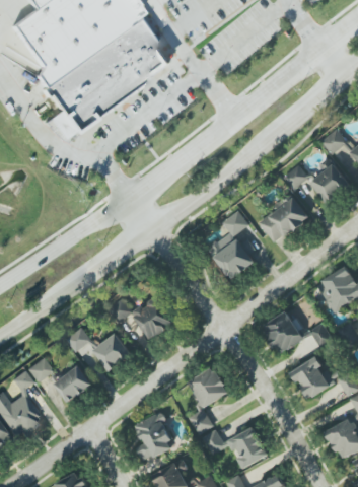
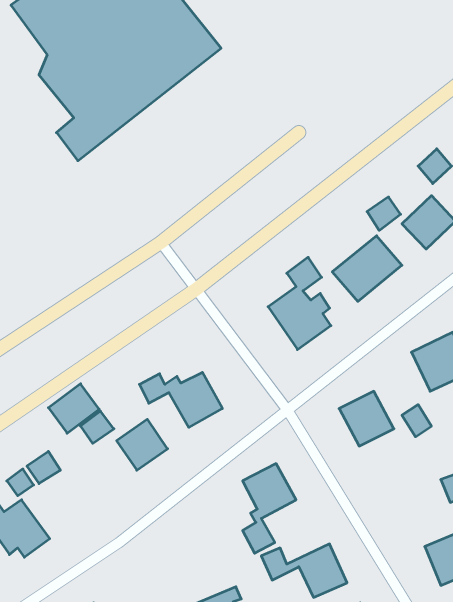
building: [291,358,331,400] -> none
building: [54,365,92,403] -> [48,384,99,433]
building: [135,412,174,462] -> none

